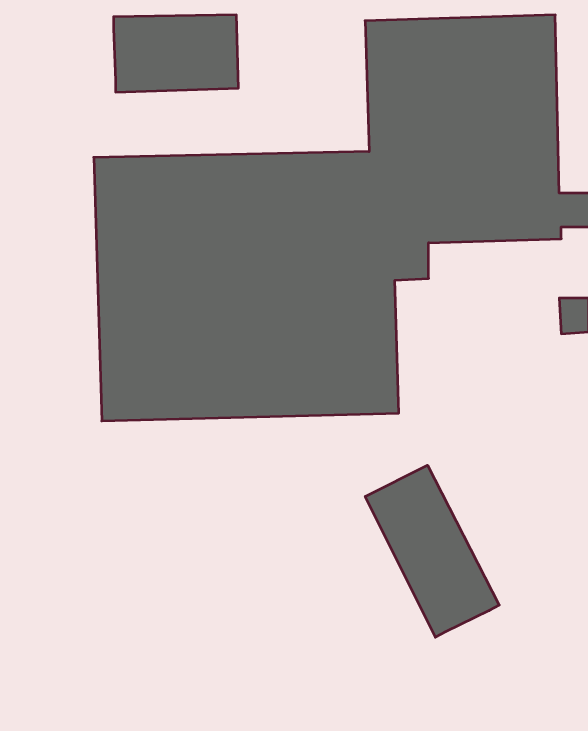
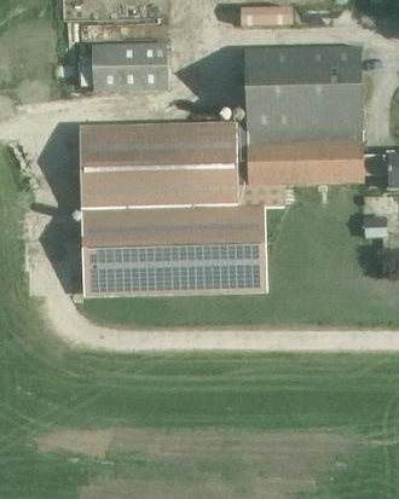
building: [365,465,499,637] -> none

